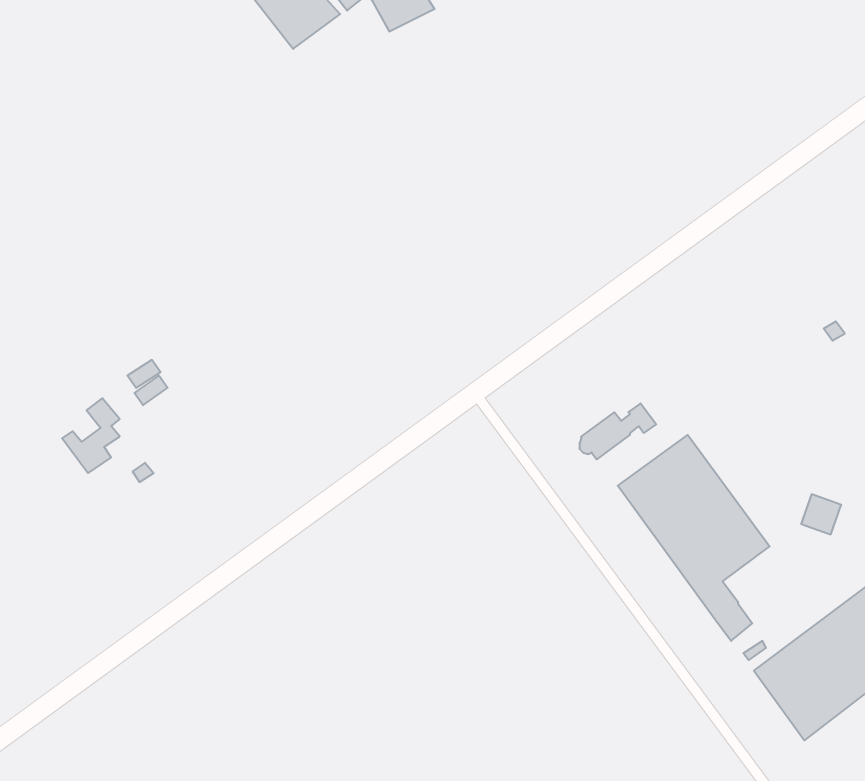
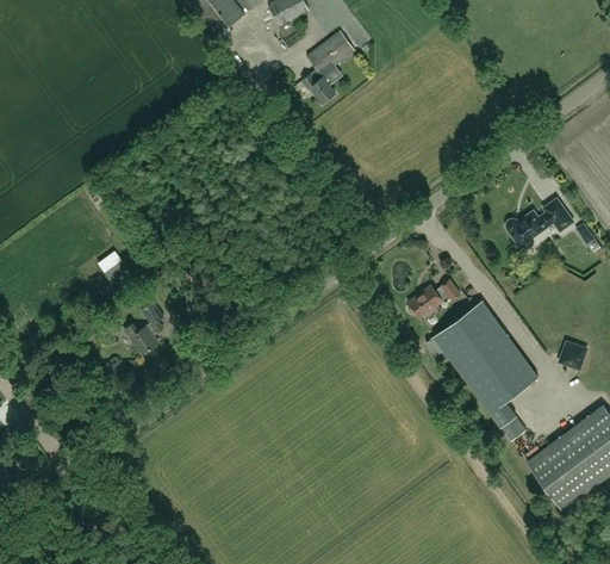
building: none -> [300,30,354,103]
building: none -> [505,197,572,248]
building: [62,398,120,473] -> [124,302,163,353]

